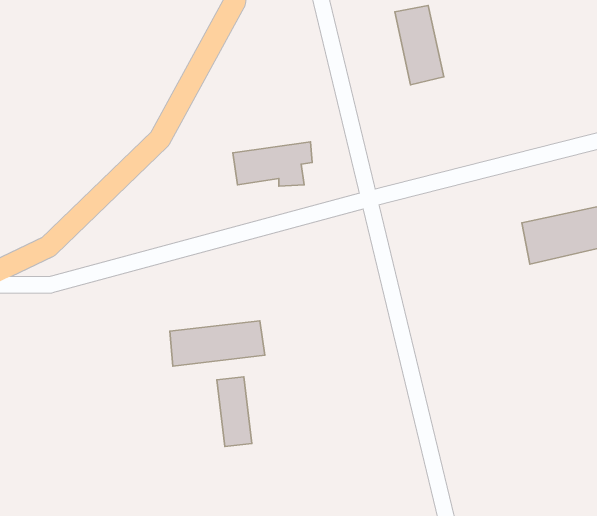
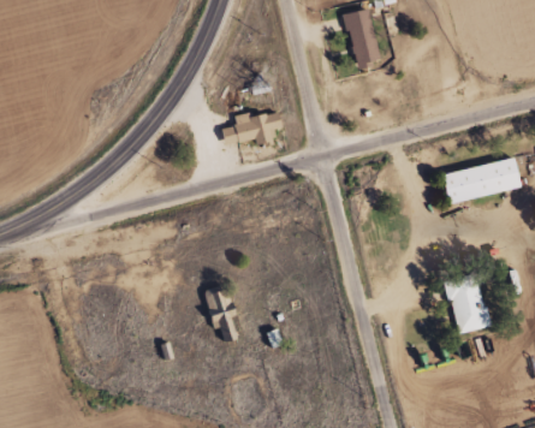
building: [170,321,265,366] -> none
building: none -> [446,278,491,334]

